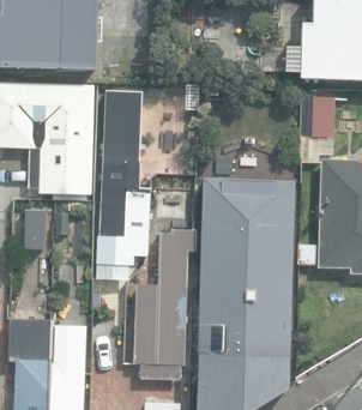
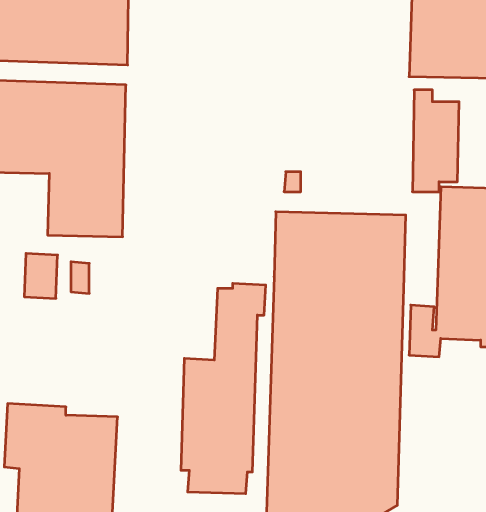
building: [95,89,150,278] -> none

